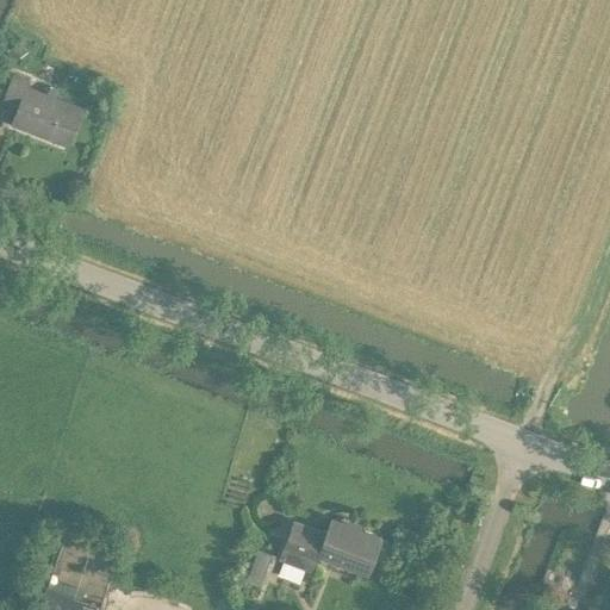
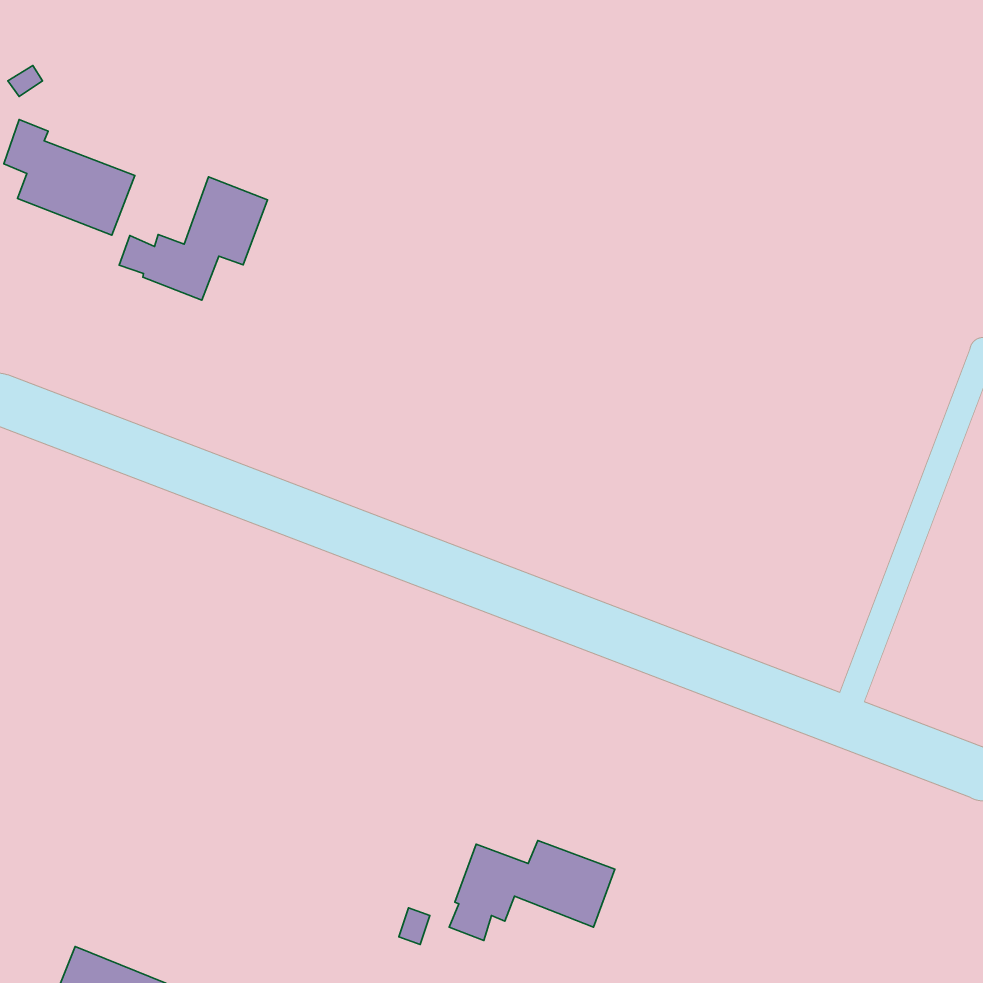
building: none -> [119,177,268,300]

